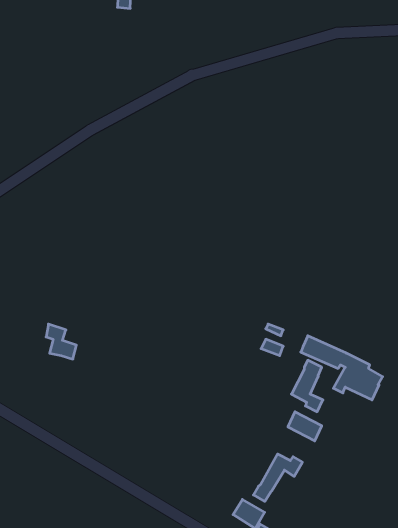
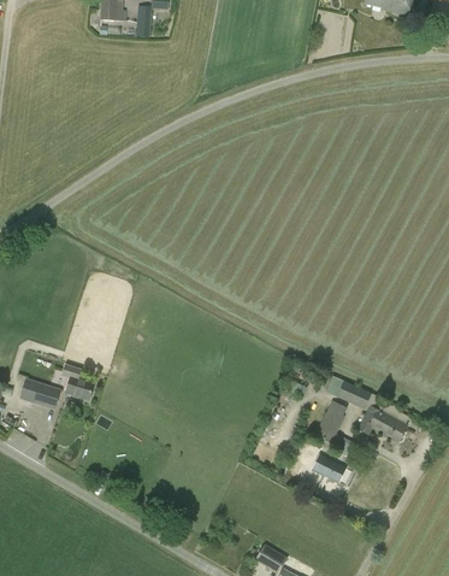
building: none -> [20,381,60,409]
building: [253,454,302,501] -> none

